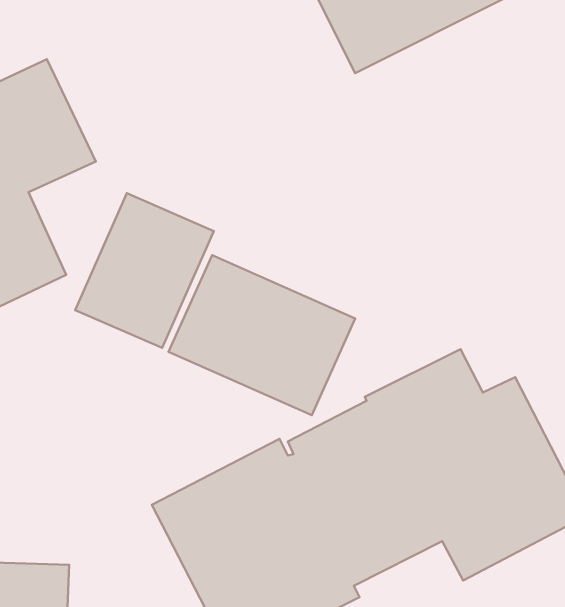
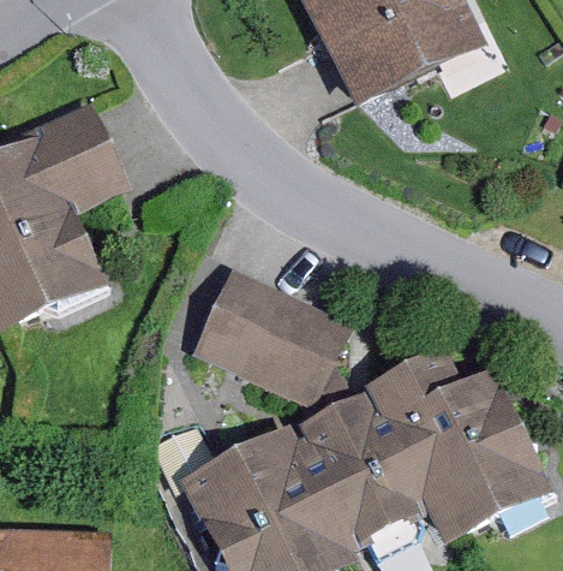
building: [75,193,214,348] -> none

